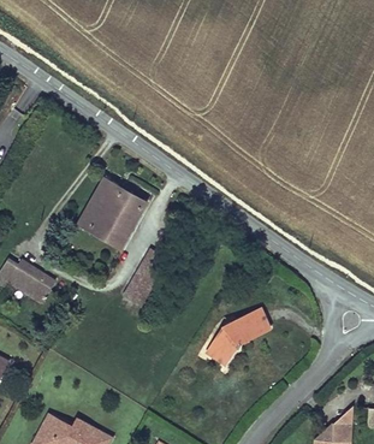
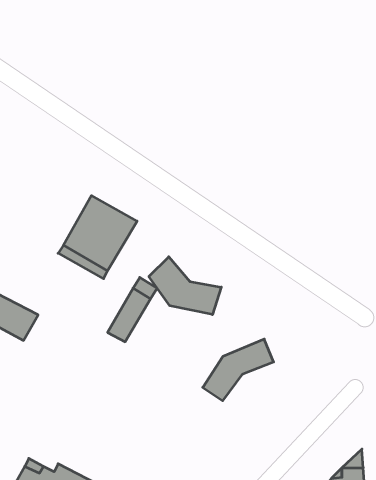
building: none -> [149,257,221,315]

